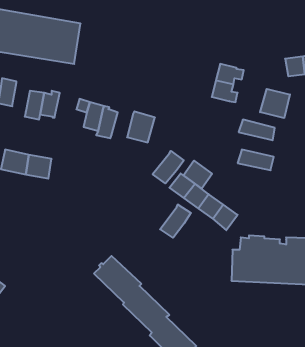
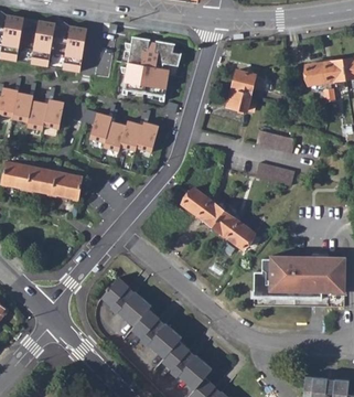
building: none -> [125,35,182,96]
building: none -> [13,90,34,121]
building: [260,89,290,118] -> none
building: none -> [120,119,143,150]
building: [153,151,184,183] -> none
building: none -> [53,172,81,197]
building: [184,161,212,188] -> none
building: [160,204,191,238] -> none

